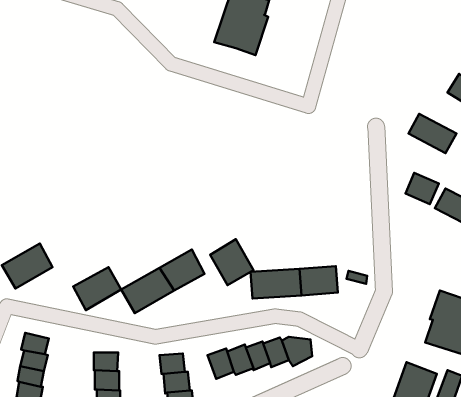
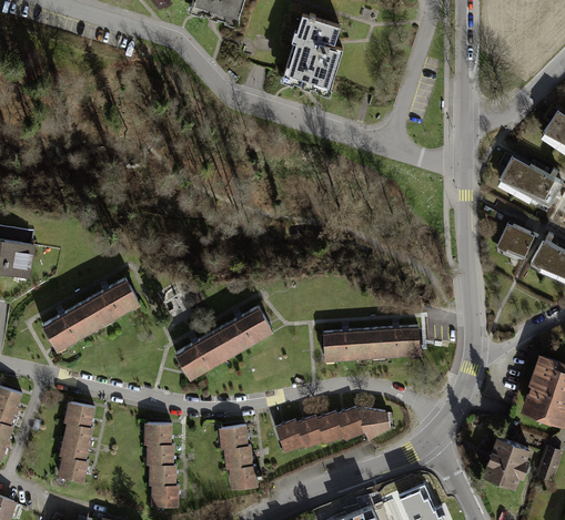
building: [210,239,254,285] -> none
building: [73,267,121,310] -> [84,278,139,327]

